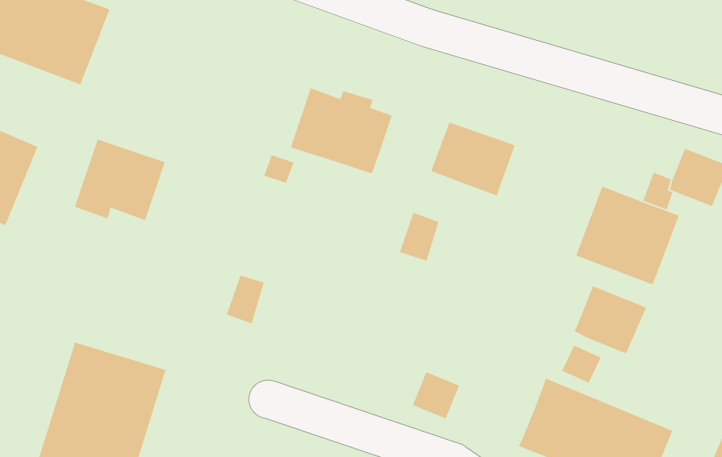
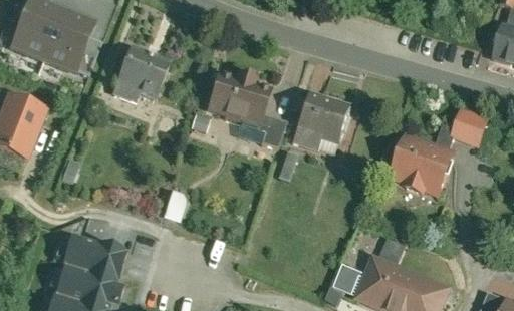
building: [74,138,166,221] -> [113,46,173,99]
building: none -> [237,111,287,146]
building: none -> [291,123,340,155]
building: [573,285,647,355] -> none
building: [412,371,460,420] -> [333,266,364,297]

